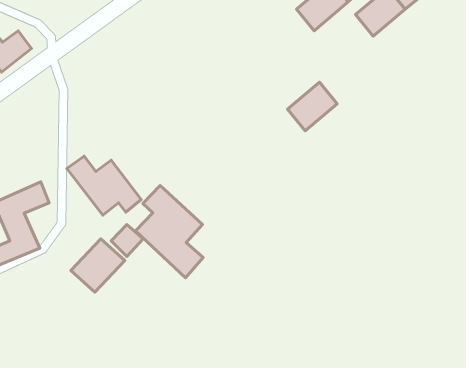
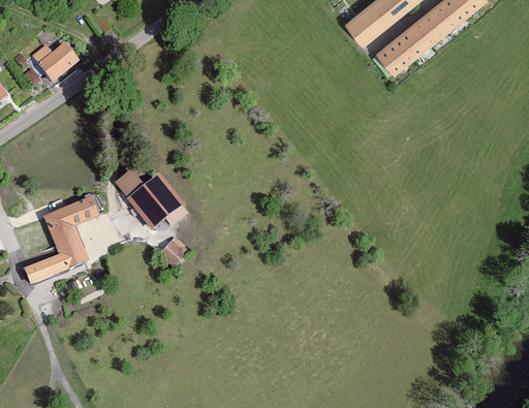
building: [287,82,337,131] -> [372,28,422,76]
building: [135,186,203,278] -> none
building: [71,239,125,292] -> none

